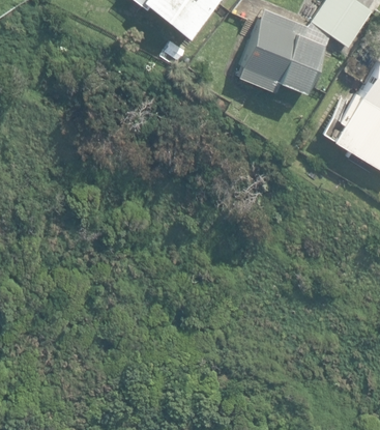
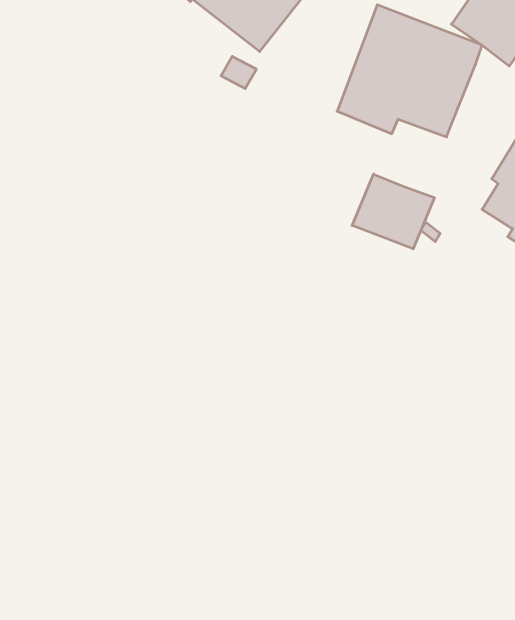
building: none -> [352,174,434,249]

